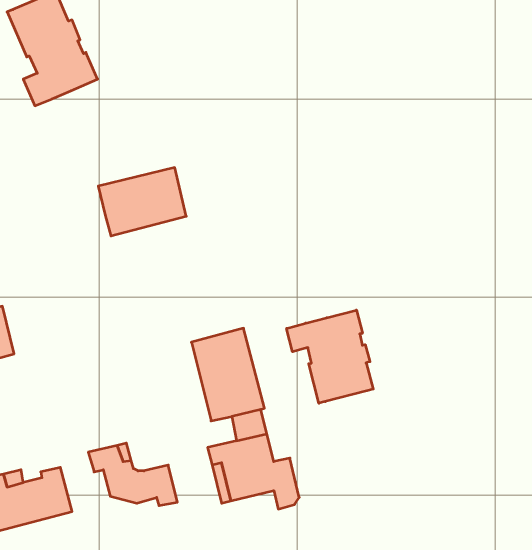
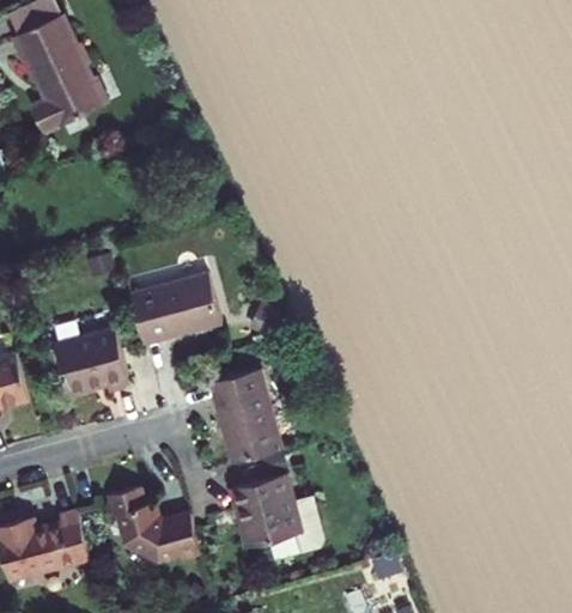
building: [98,168,186,236] -> [129,274,220,345]
building: none -> [51,329,128,396]
building: [287,310,373,403] -> none

